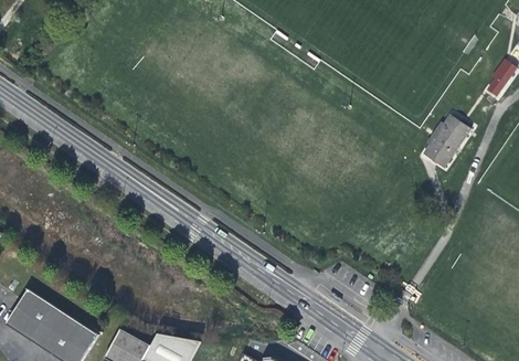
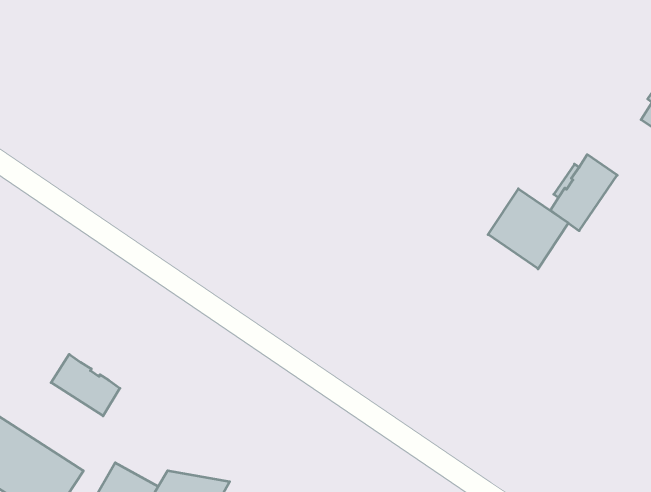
building: none -> [488,189,568,269]
building: none -> [51,354,120,416]

